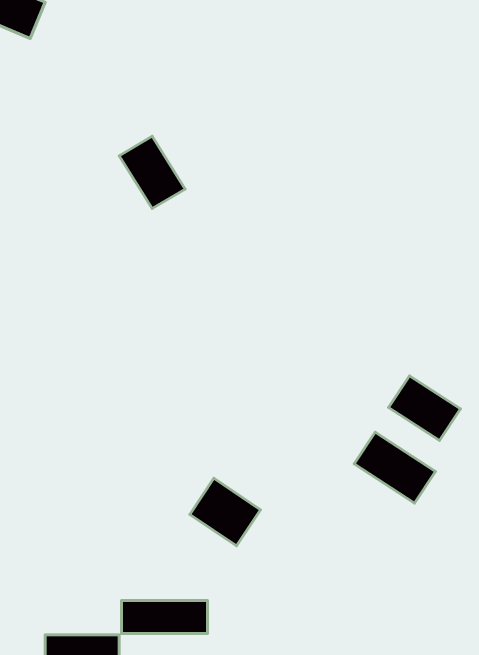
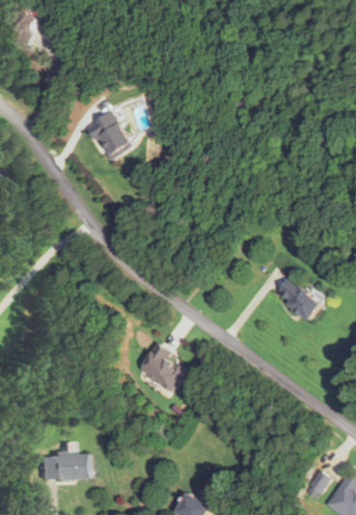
building: [354,432,436,503] -> none
building: [122,601,208,633] -> none

